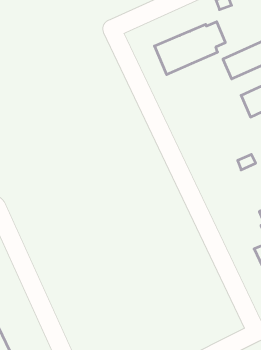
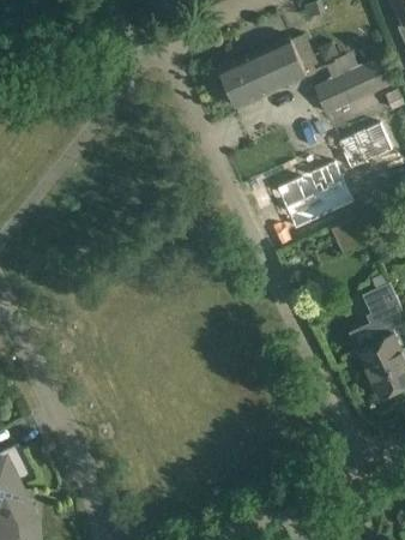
building: none -> [277,162,355,230]

